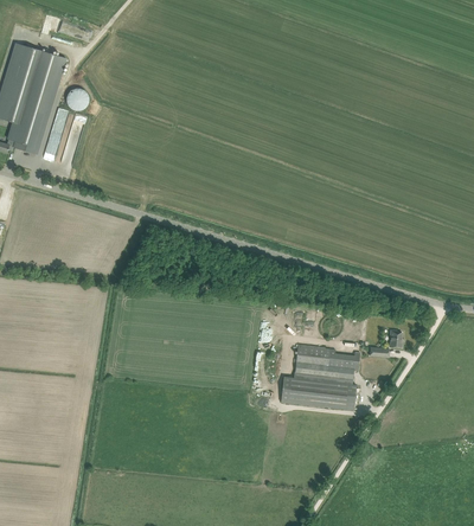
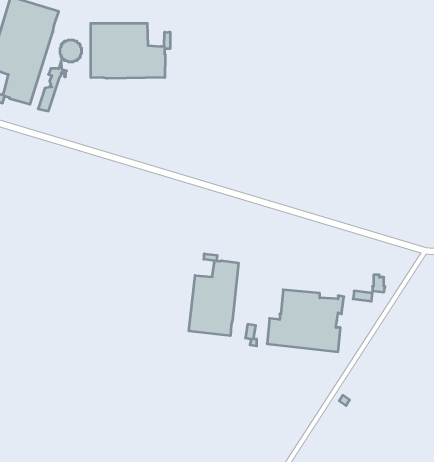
building: none -> [91,23,170,78]
building: none -> [189,254,238,336]

